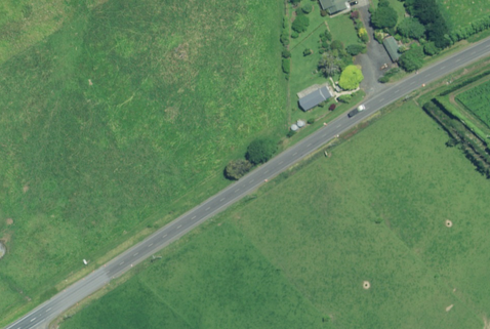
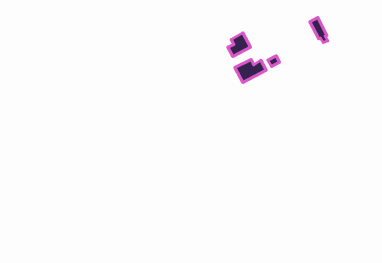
building: none -> [228,33,251,57]

